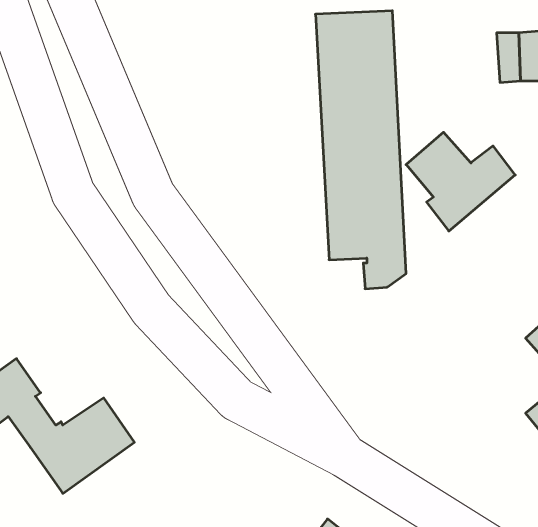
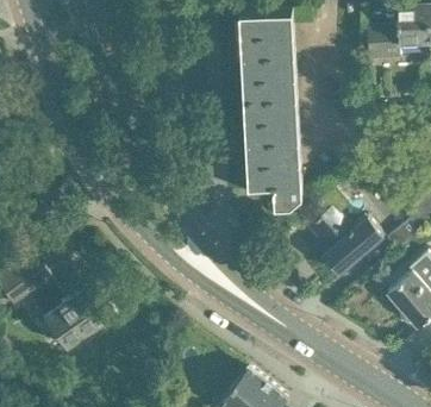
building: [406,132,515,231] -> [306,206,382,275]

